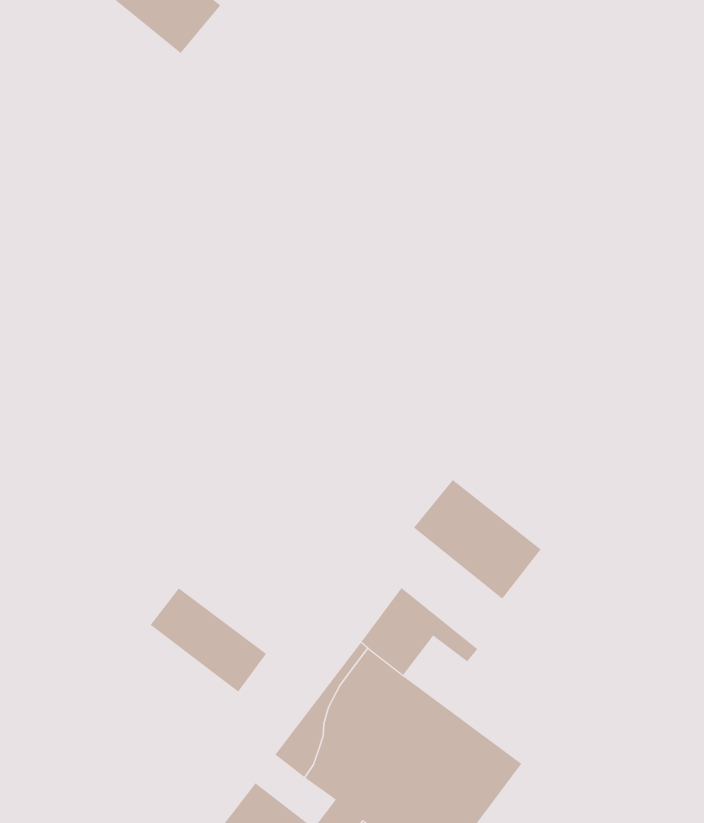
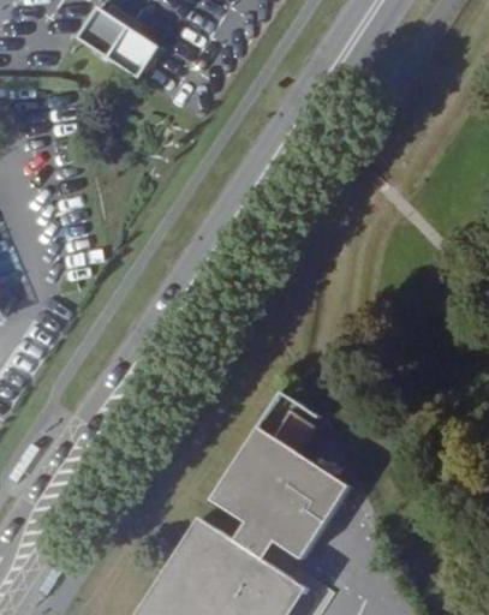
building: [413,479,541,600] -> none
building: [150,588,267,692] -> none

